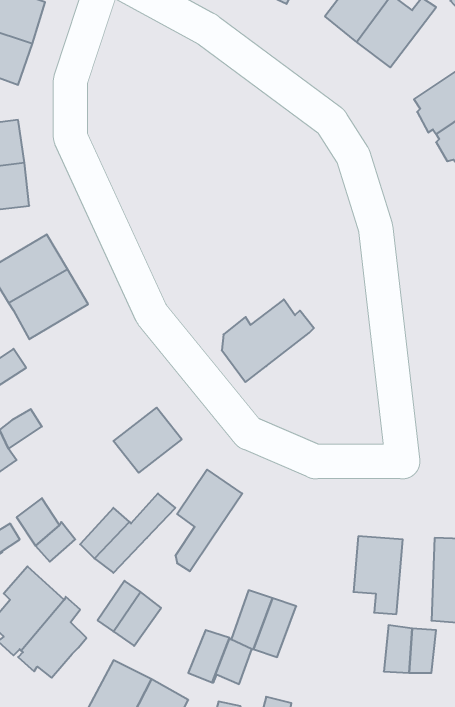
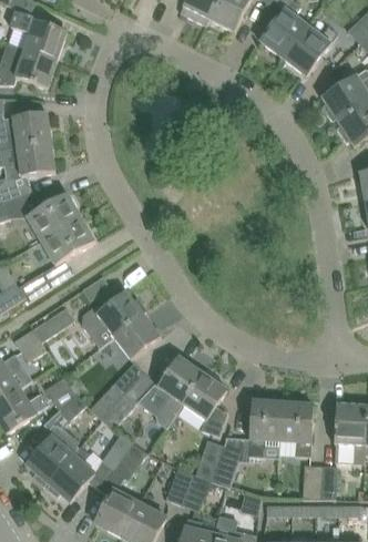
building: [222,299,314,382] -> [82,289,146,347]
building: none -> [182,369,226,433]
building: none -> [248,399,284,458]

